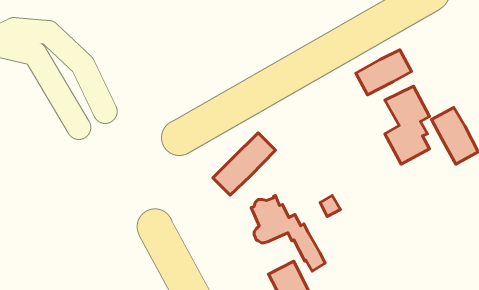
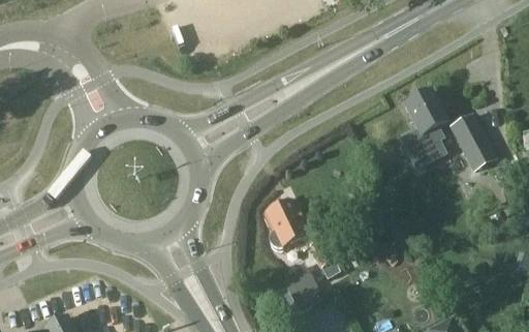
building: [356,50,411,95] -> none
building: [213,133,275,195] -> none

